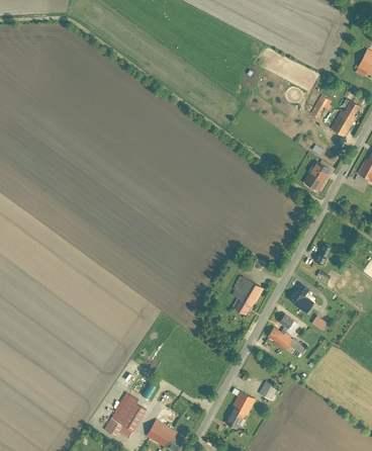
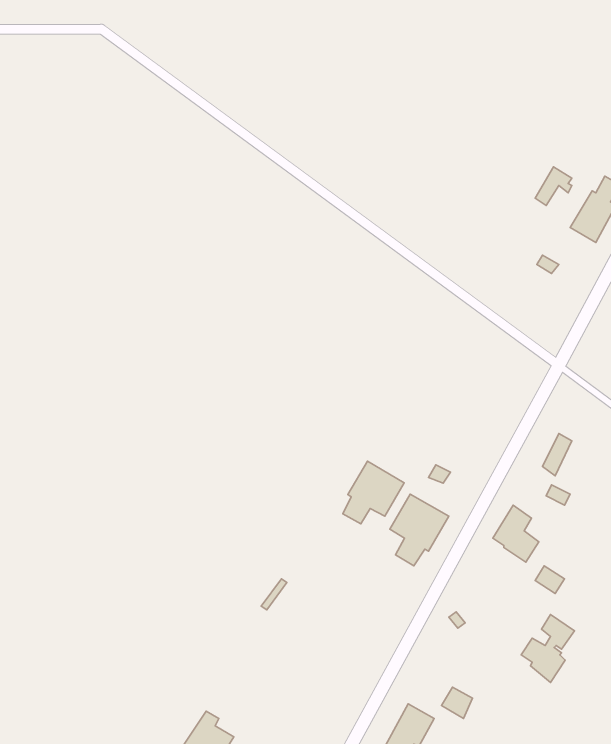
building: [303,159,333,191] -> none
building: none -> [343,461,404,524]
building: [268,313,297,351] -> [521,614,574,682]

